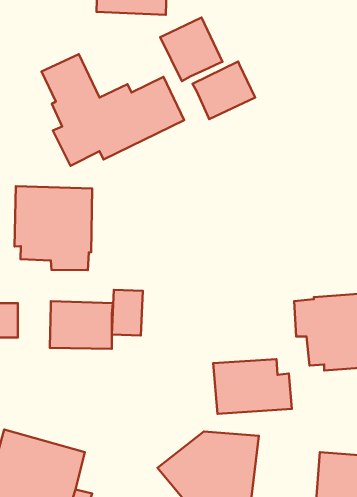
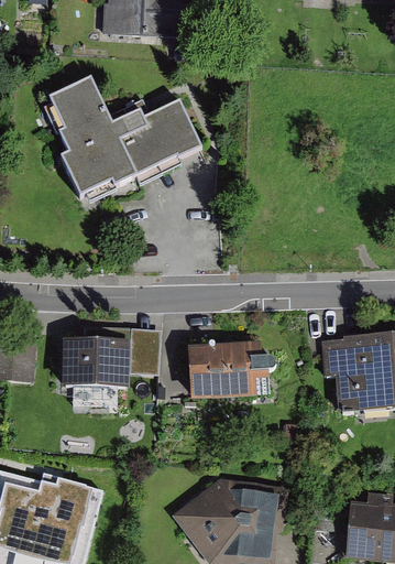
building: [160,17,222,81] -> none
building: [192,61,255,119] -> none
building: [14,186,92,270] -> none
building: [213,359,292,414] -> [184,341,267,400]

